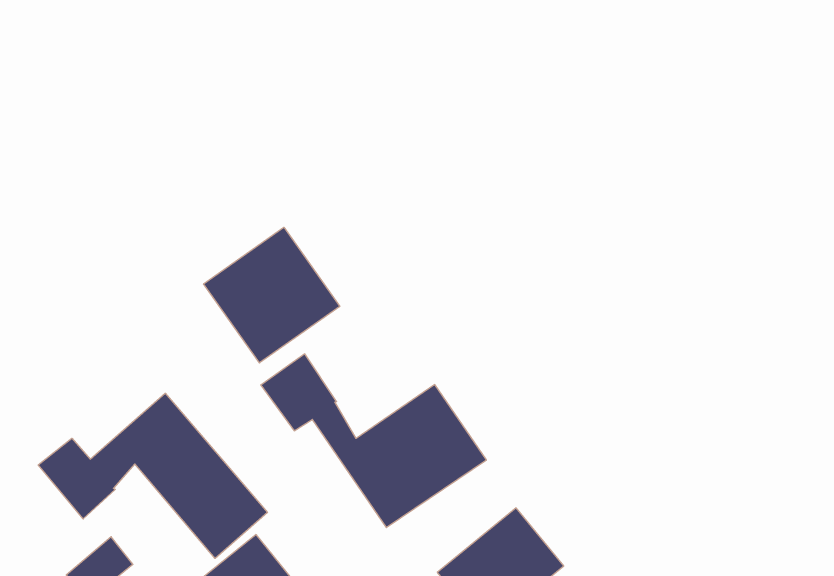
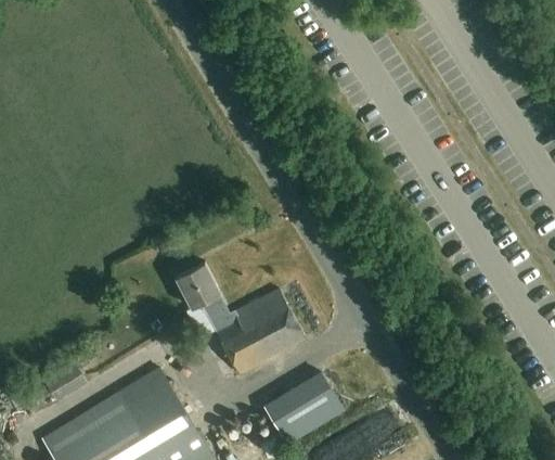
building: [204,227,340,363] -> none
building: [38,393,267,558] -> none

